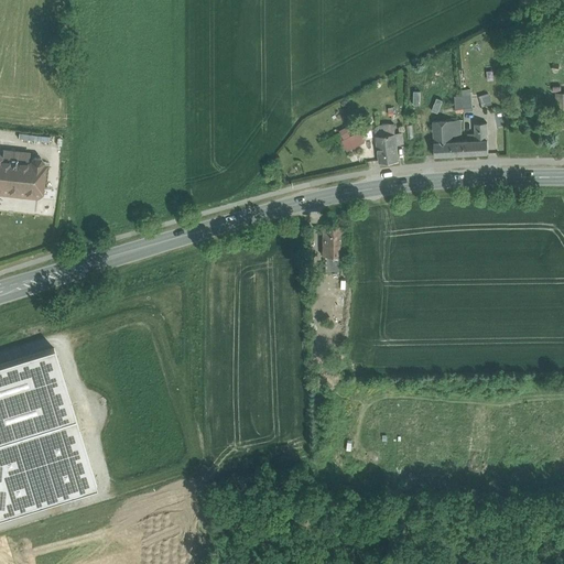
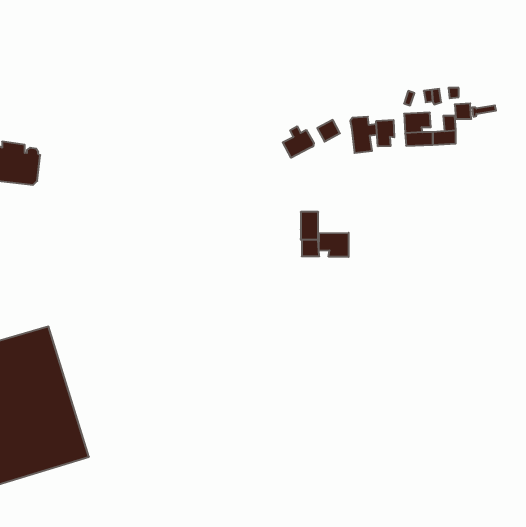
building: none -> [376,120,394,146]
building: none -> [283,126,314,158]
building: none -> [319,233,349,257]

